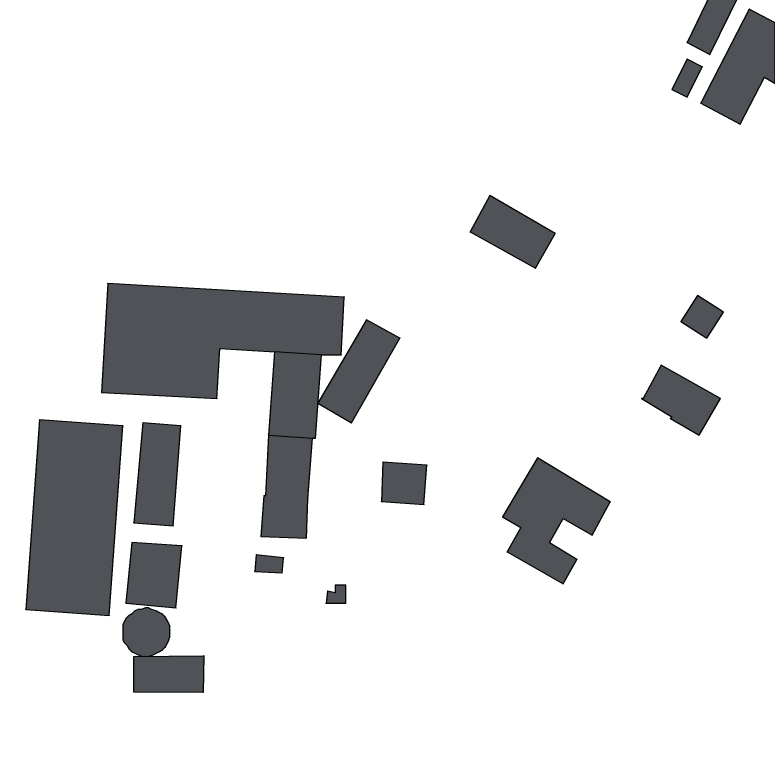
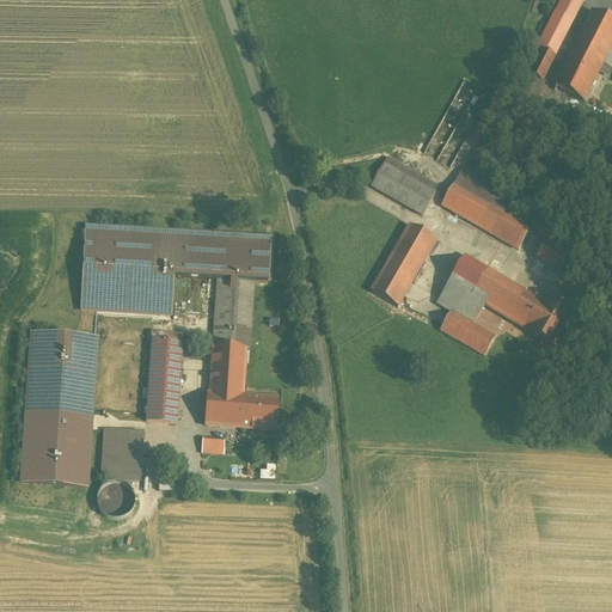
building: none -> [441,169,537,245]
building: [318,320,400,423] -> [371,222,435,304]
building: [134,423,181,526] -> [145,339,182,421]
building: [503,458,610,584] -> [436,253,521,353]
building: [381,462,427,505] -> [241,393,277,427]
building: [134,656,204,692] -> none

